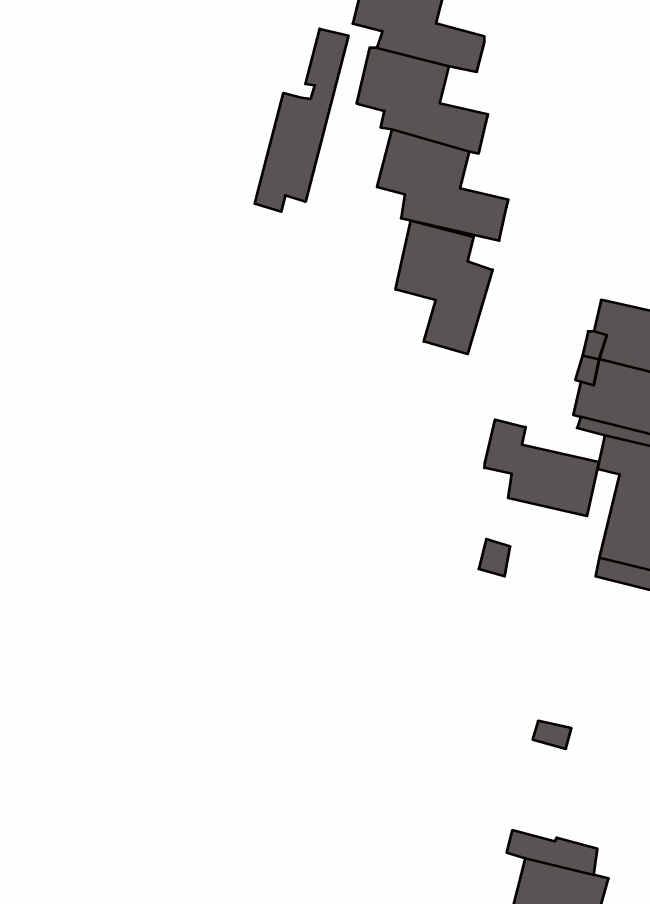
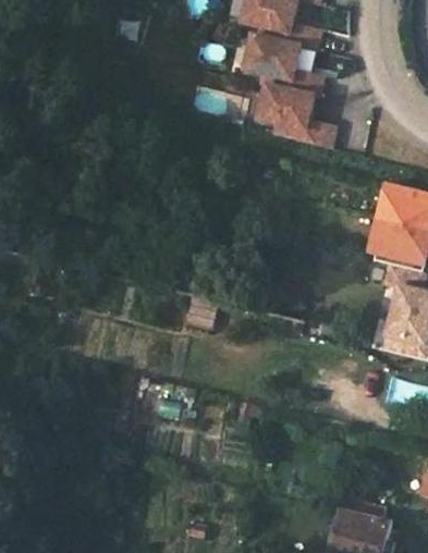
building: [255,29,348,212] -> none
building: [396,221,493,354] -> none
building: [484,420,599,516] -> none

